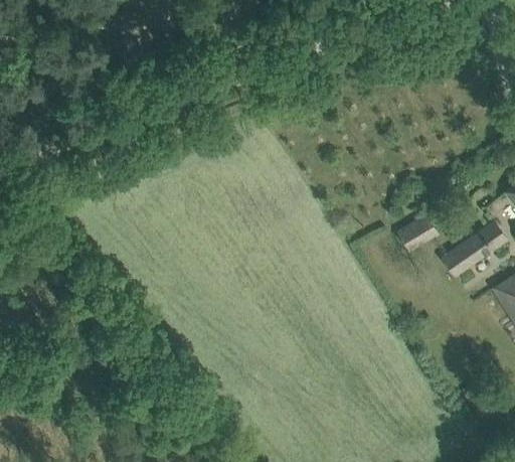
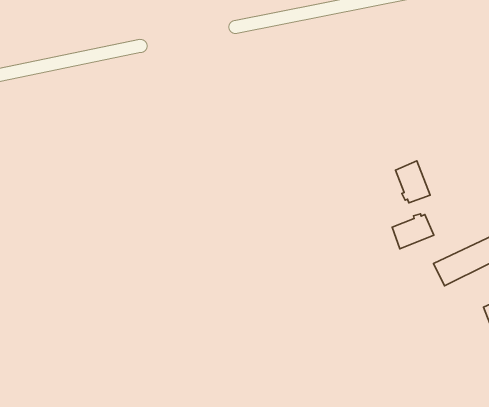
building: none -> [395,161,430,203]

